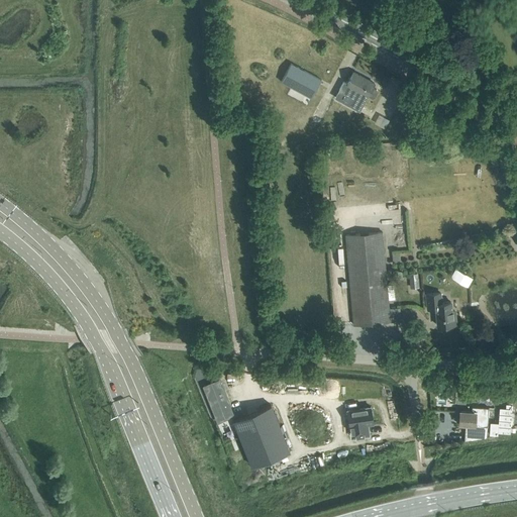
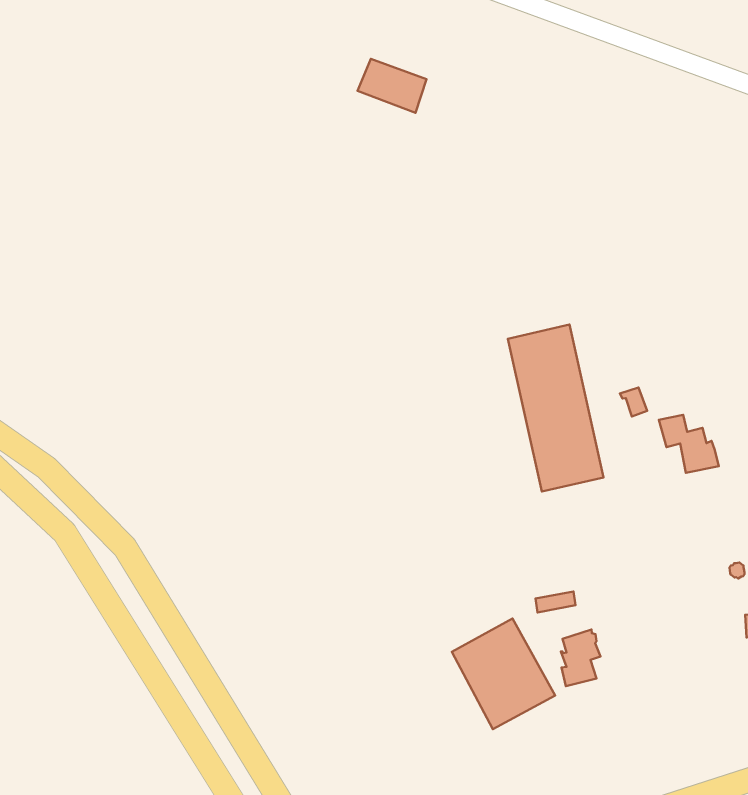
building: [339,74,377,109] -> none
building: [204,382,233,423] -> none
building: [234,407,290,469] -> [452,618,555,729]

